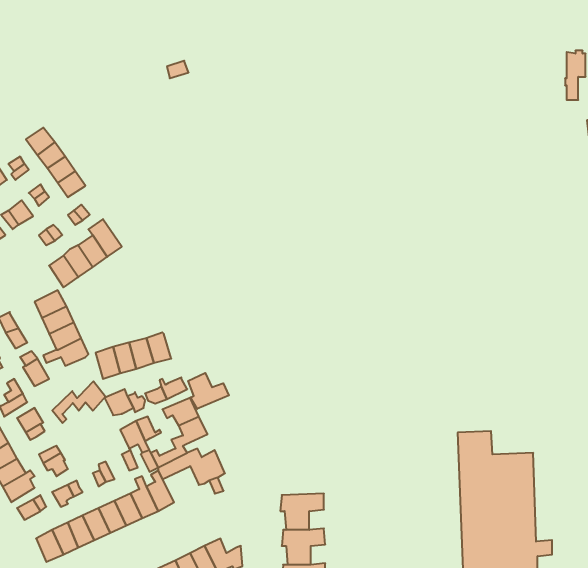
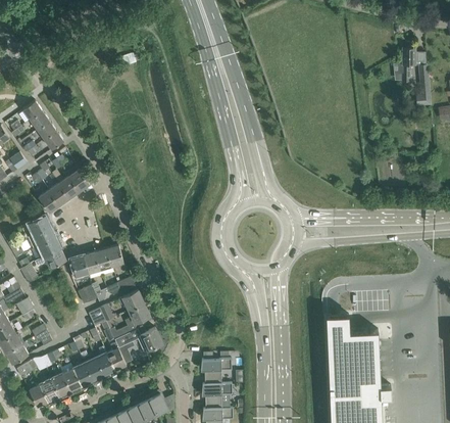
building: [188,373,229,409] -> none
building: [52,381,105,423] -> none

